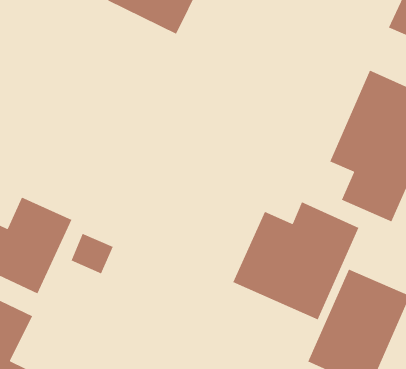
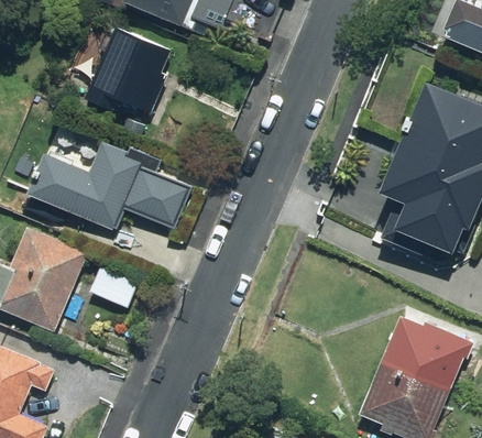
building: none -> [85,29,175,125]
building: none -> [20,136,199,242]
building: [232,201,360,320] -> none

